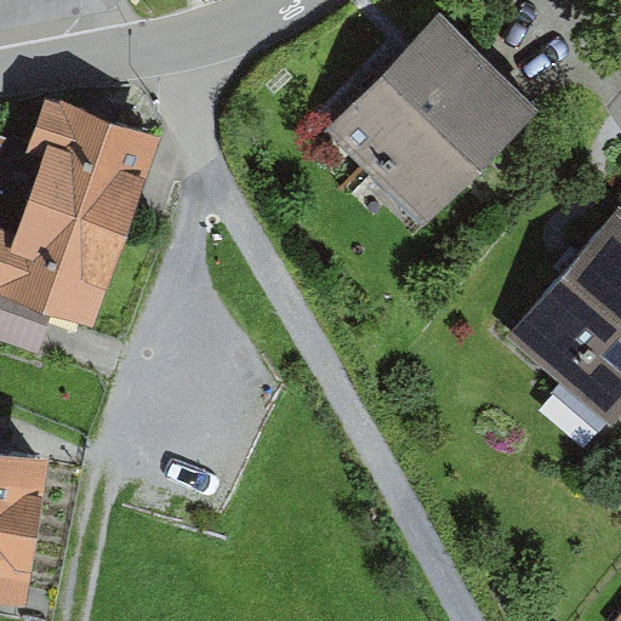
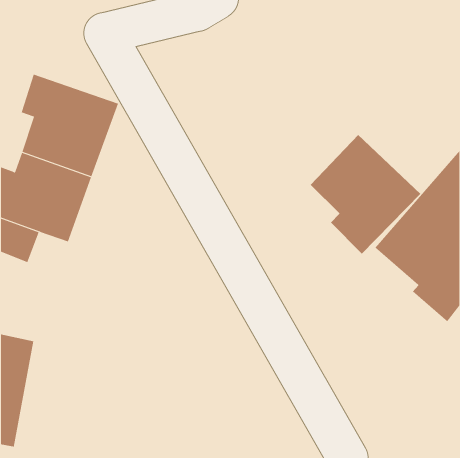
building: [329,16,535,223] -> none
building: none -> [310,134,421,255]

